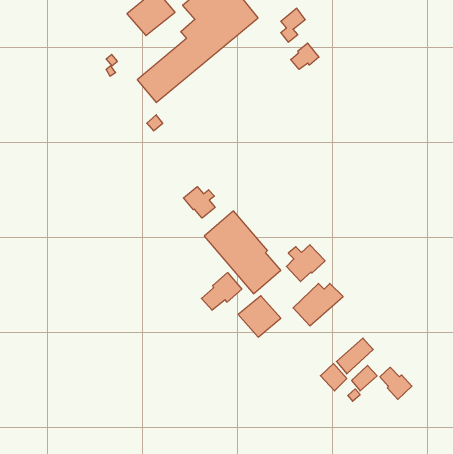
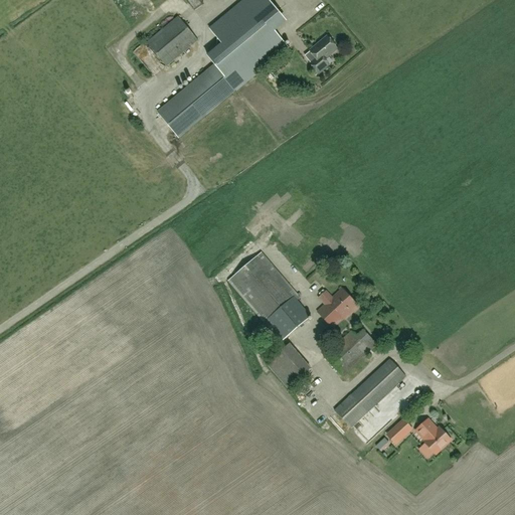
building: [291,43,319,69] -> none
building: [183,187,215,218] -> none
building: [201,273,242,310] -> none
building: none -> [334,358,406,426]

